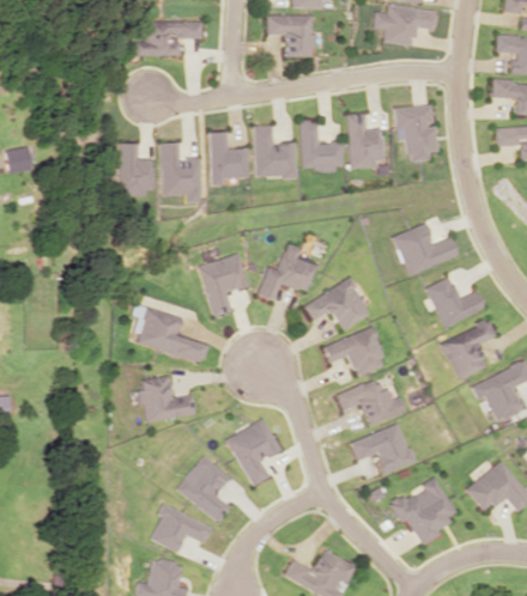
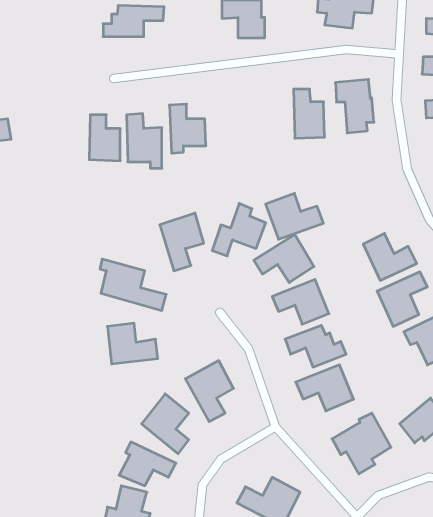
building: [301,120,343,169] -> none
building: [253,124,296,177] -> none
building: [393,223,458,274] -> [266,193,323,239]

